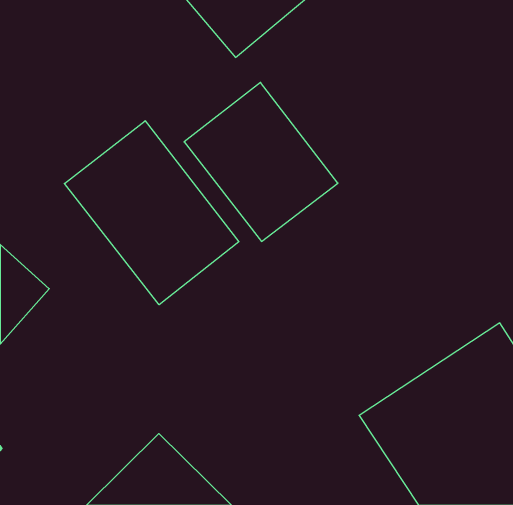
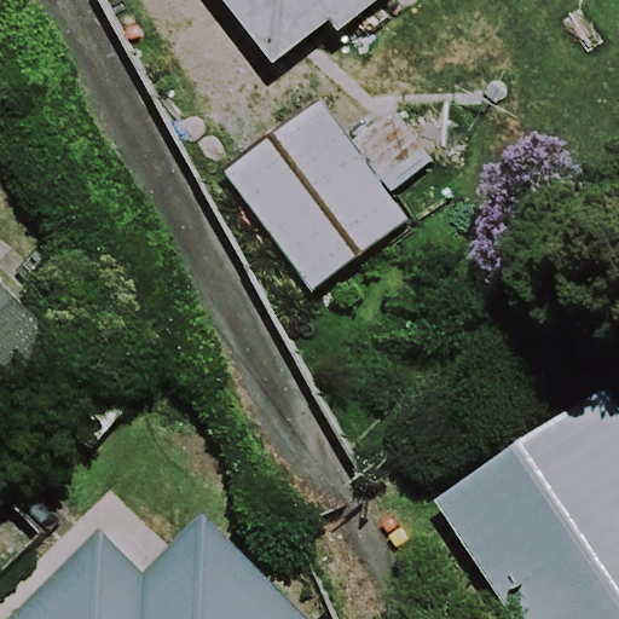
building: [64,121,239,305] -> none

